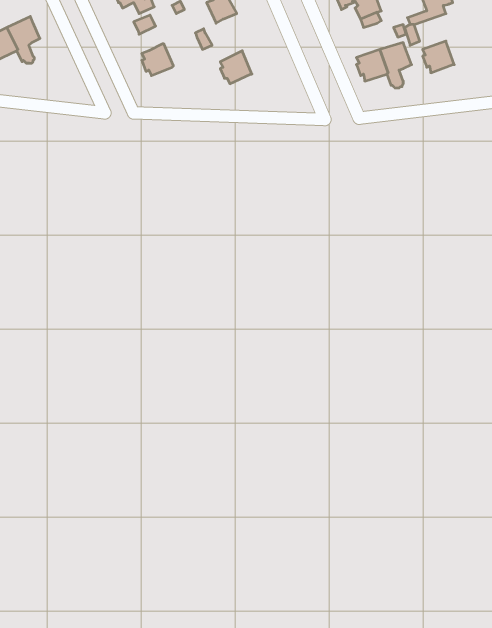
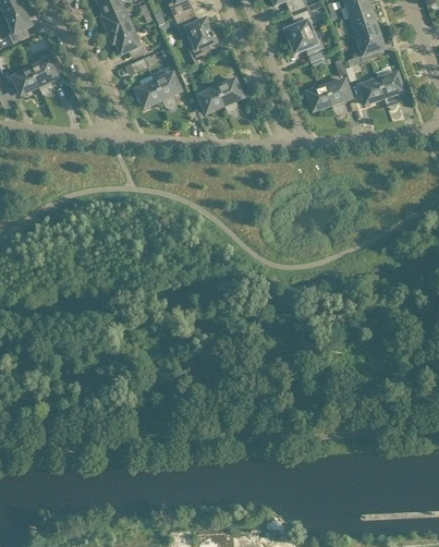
building: none -> [155,71,181,108]
building: none -> [378,71,403,108]
building: none -> [217,77,243,114]

